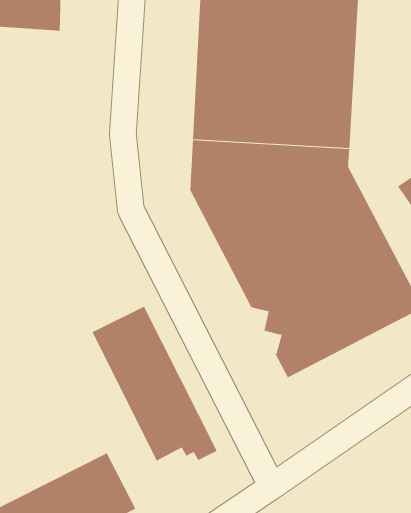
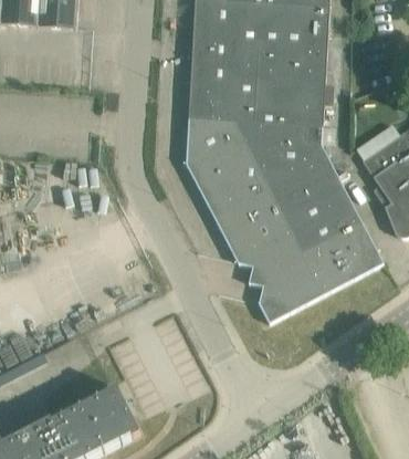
building: [92,306,217,462] -> none

